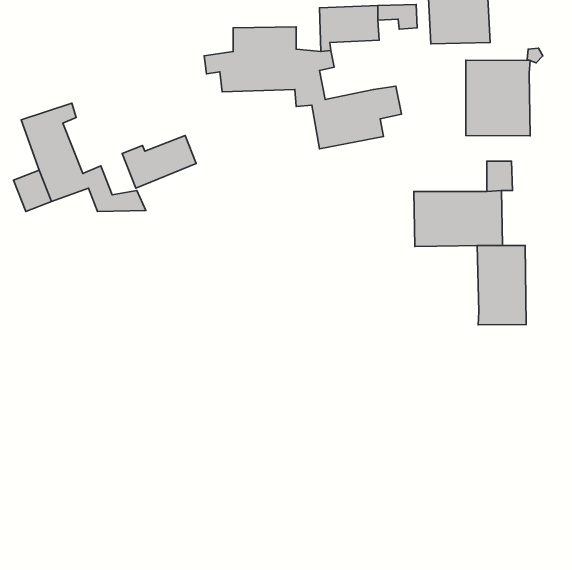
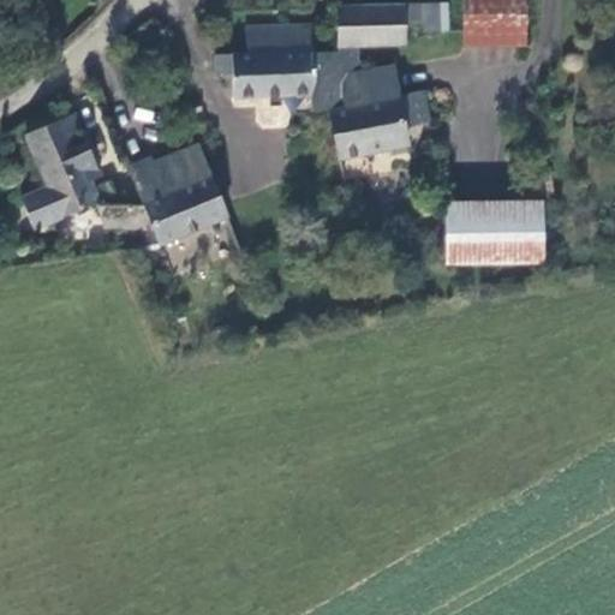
building: [466,60,530,136] -> none
building: none -> [344,65,401,107]
building: none -> [147,175,228,241]
building: [477,245,526,325] -> none

